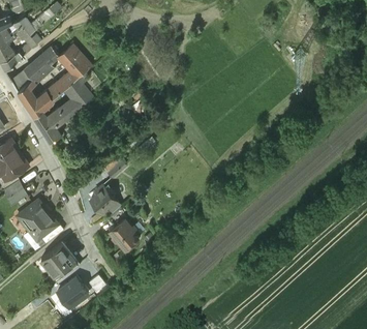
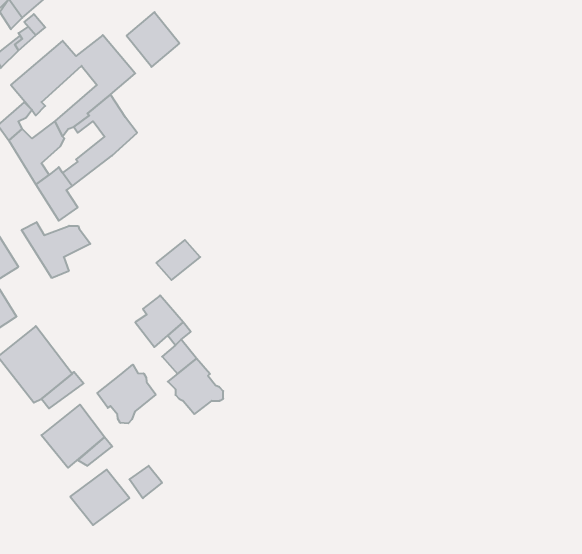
building: none -> [127,12,179,67]
building: none -> [22,222,90,278]
building: none -> [97,365,156,423]

